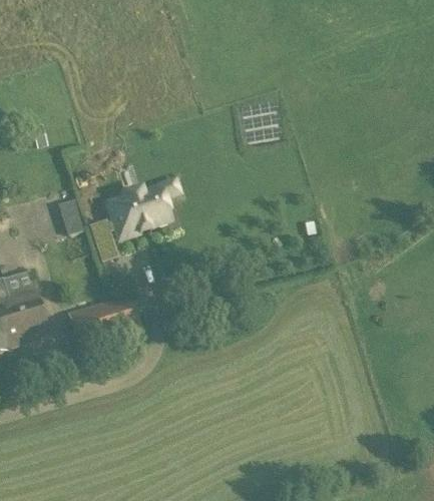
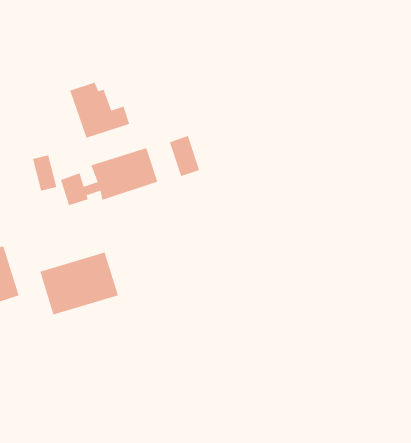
building: none -> [70,82,131,139]
building: none -> [169,135,200,177]

